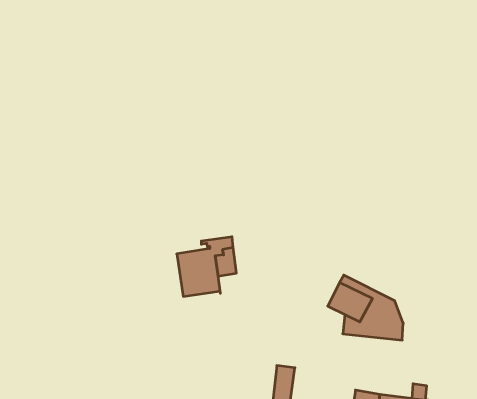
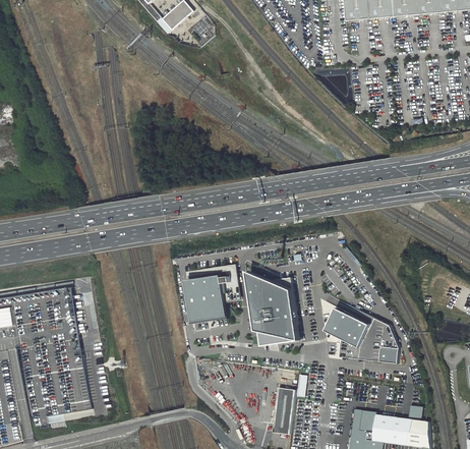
building: none -> [250,271,302,345]

